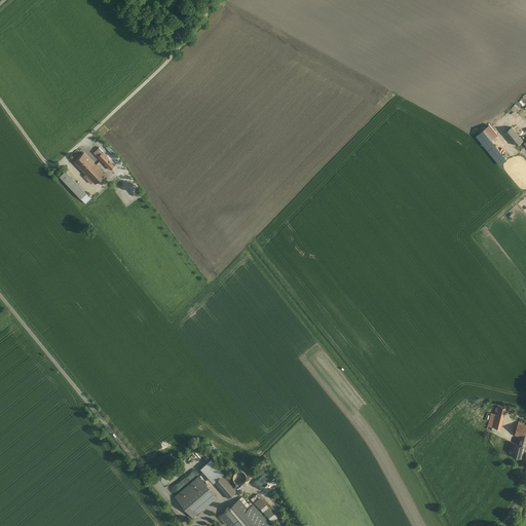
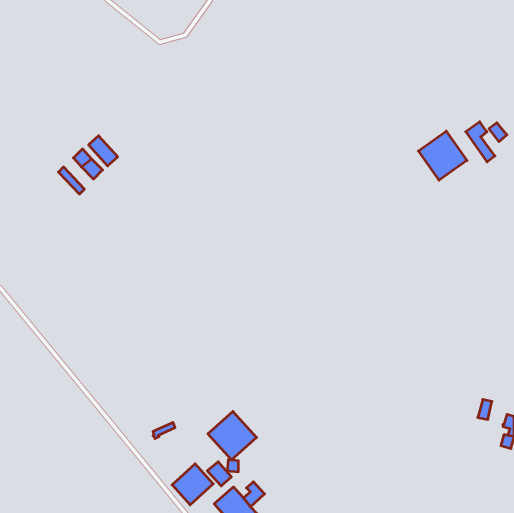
building: none -> [418,131,467,180]
building: none -> [208,411,257,460]

